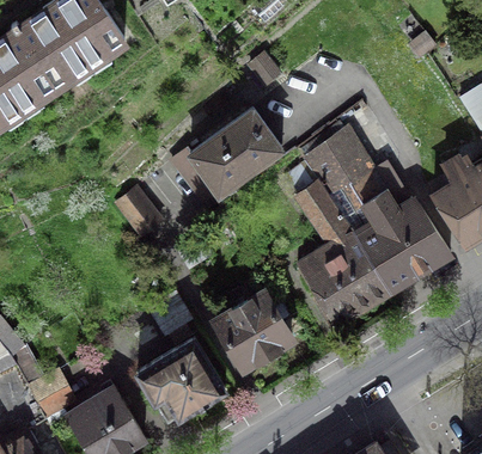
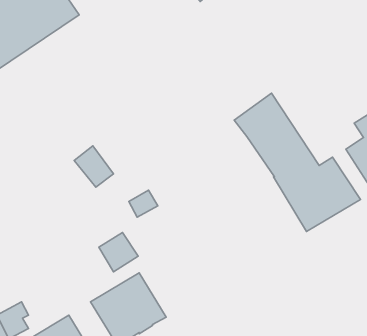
building: [179,108,281,194] -> none
building: [297,180,388,324] -> none
building: [215,292,291,367] -> none

